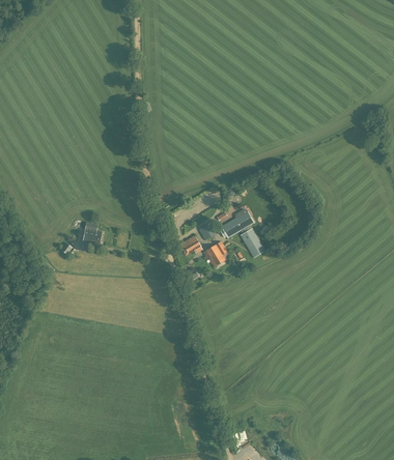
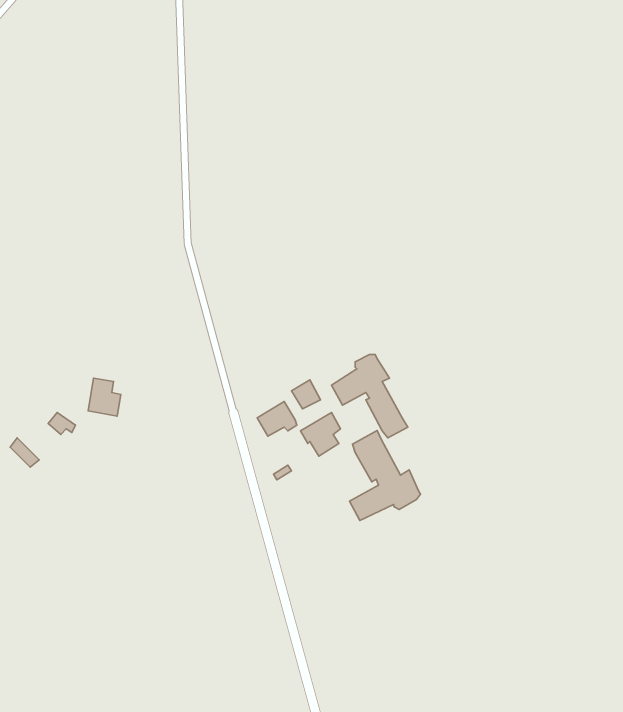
building: none -> [349,431,420,520]

